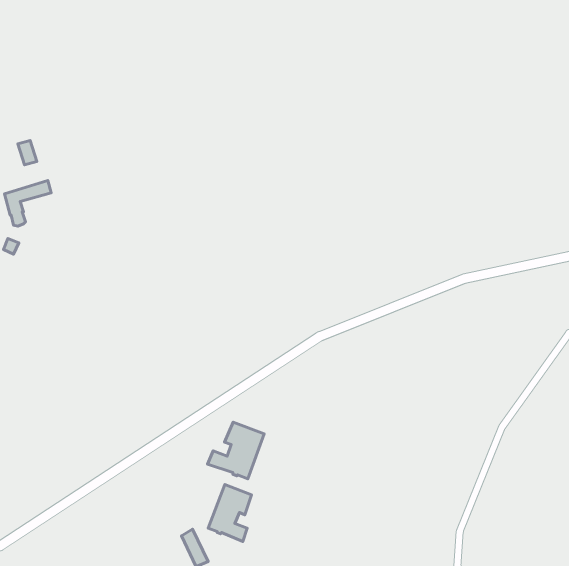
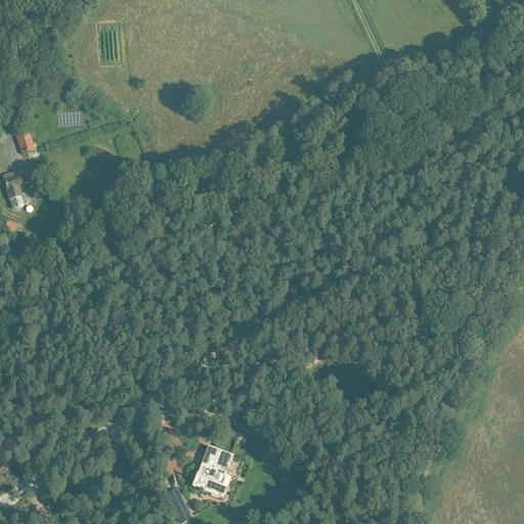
building: [207,422,264,479] -> none

